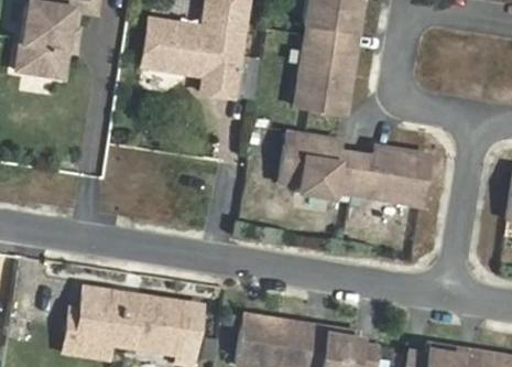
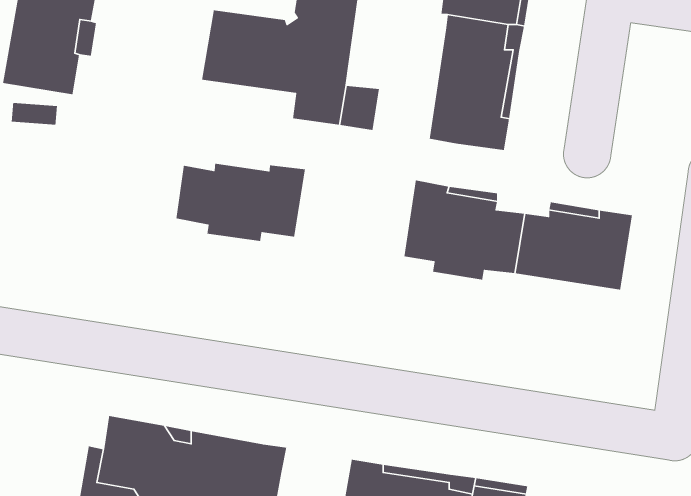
building: none -> [176,163,306,242]

